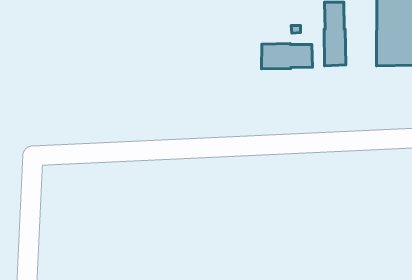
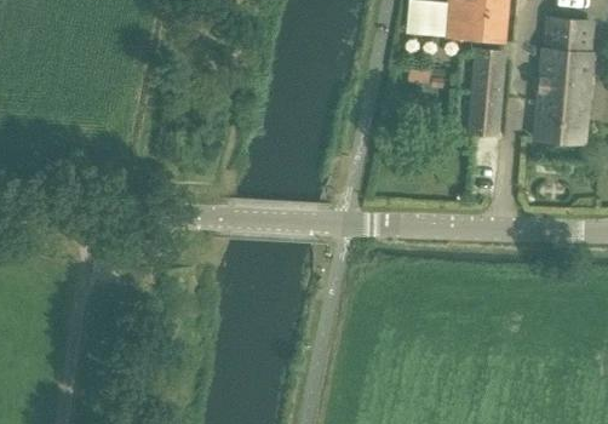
building: [262,44,313,69] -> none

